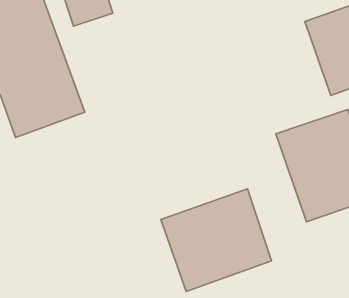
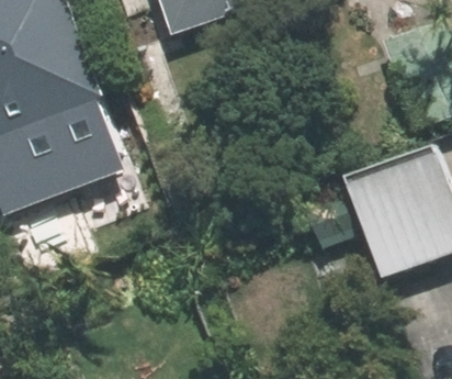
building: [161,189,271,291] -> none

